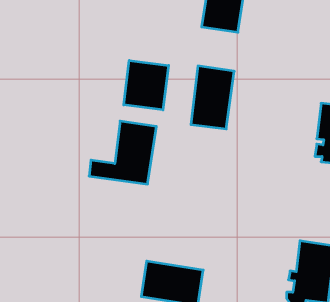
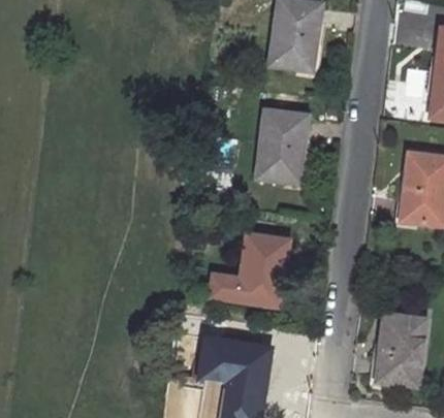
building: [124,60,169,110] -> none
building: [89,121,156,184] -> [211,233,289,307]

